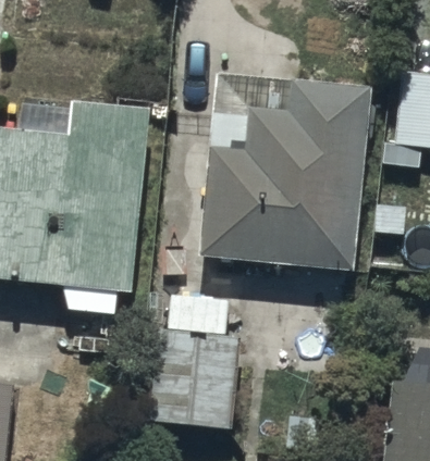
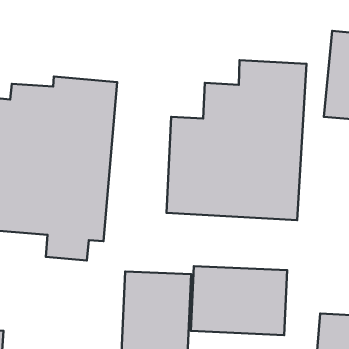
building: none -> [191,266,287,335]

